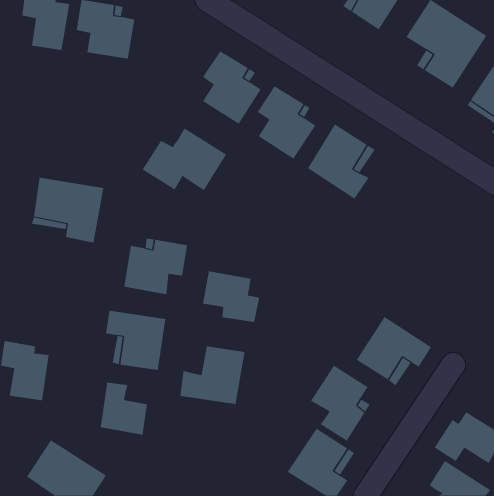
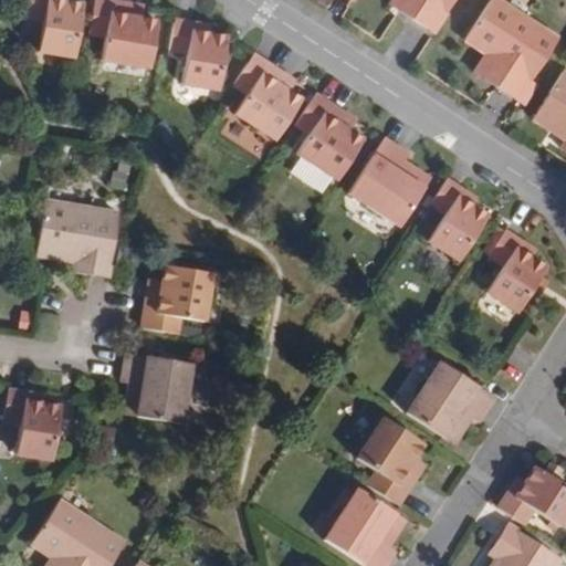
building: none -> [171,21,227,90]
building: [142,128,227,191] -> none
building: none -> [428,181,488,262]
building: none -> [486,232,546,313]
building: [203,271,260,323] -> none
building: [180,346,245,405] -> none
building: [100,382,148,436] -> none

